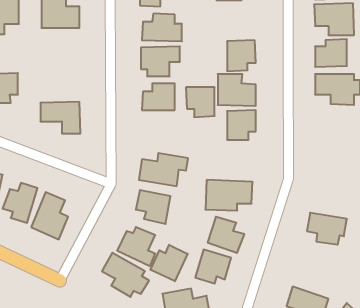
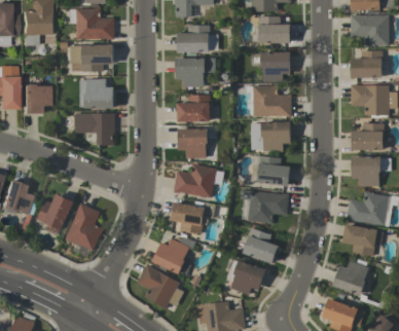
building: none -> [258,16,291,43]
building: none -> [71,45,114,72]
building: none -> [79,79,114,109]
building: [186,87,215,117] -> [178,128,207,158]
building: none -> [352,123,384,150]
building: none -> [257,156,291,185]
building: none -> [352,156,391,186]
building: none -> [347,192,389,225]
building: [151,245,188,281] -> none
building: none -> [333,261,369,296]

